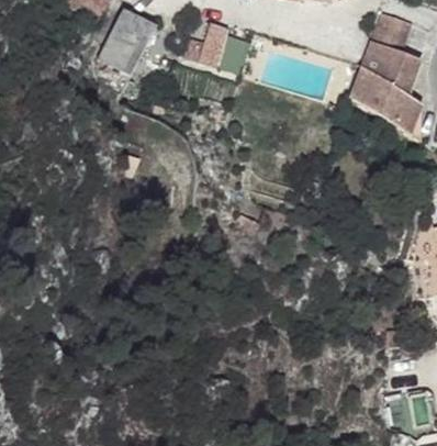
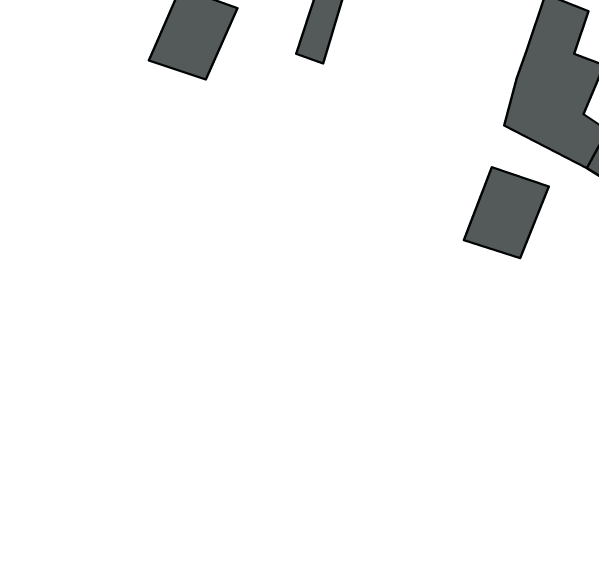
building: none -> [464,167,549,258]

